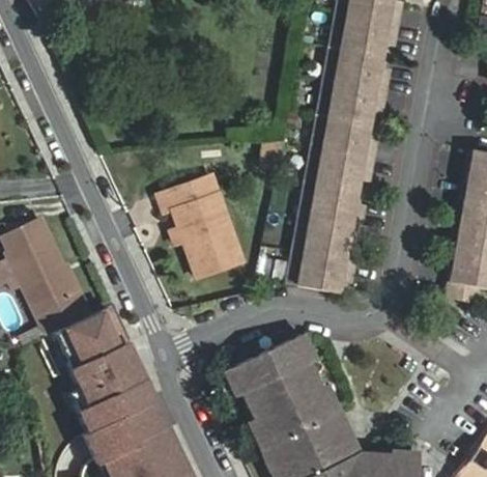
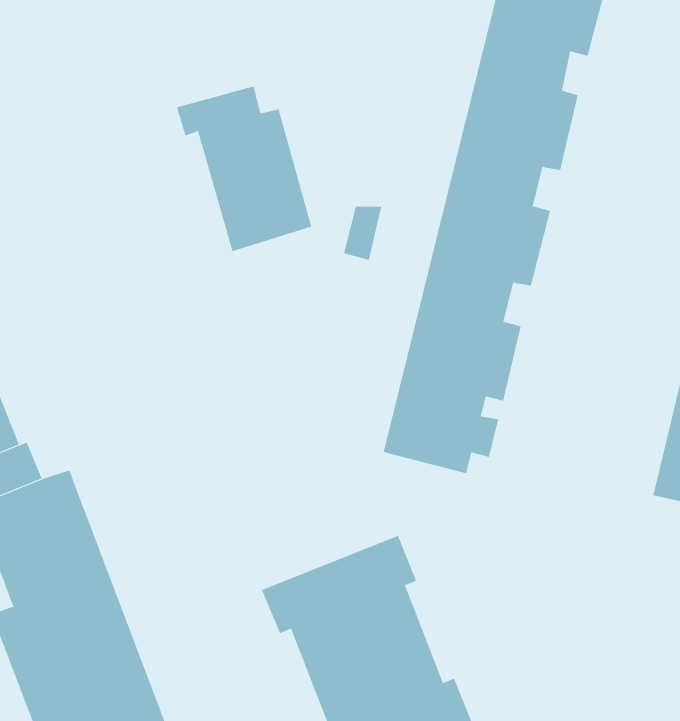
building: [159,180,242,278] -> [176,86,312,252]

